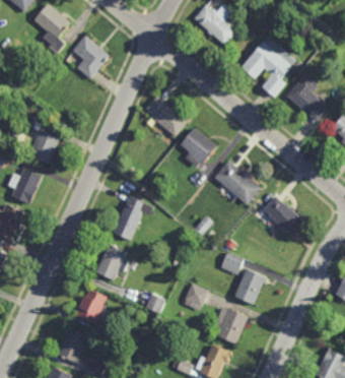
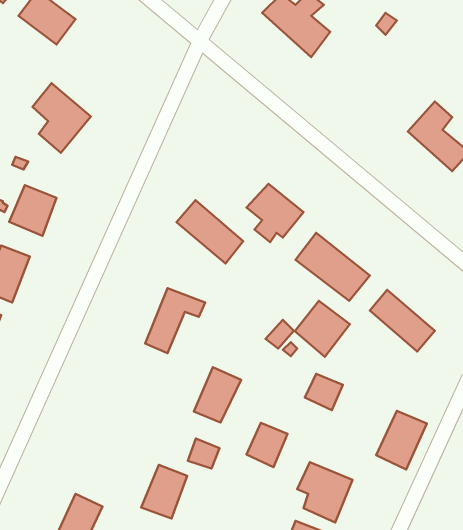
building: [73,35,111,79] -> [32,83,91,153]
building: [236,37,291,98] -> none
building: [146,97,189,137] -> [177,200,243,263]
building: none -> [295,301,350,357]
building: [97,242,128,277] -> [194,367,241,423]
building: [233,268,266,306] -> [376,411,427,470]
building: [77,289,107,323] -> [141,465,187,519]

